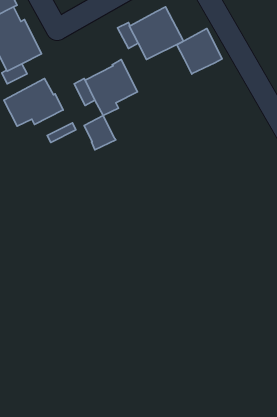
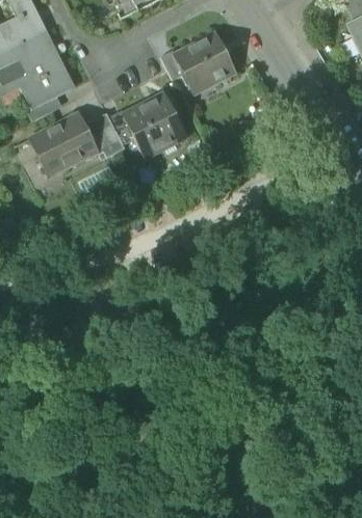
building: [177,29,222,74] -> none
building: [84,115,116,150] -> [88,120,125,160]

